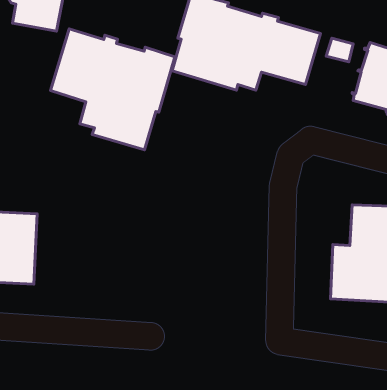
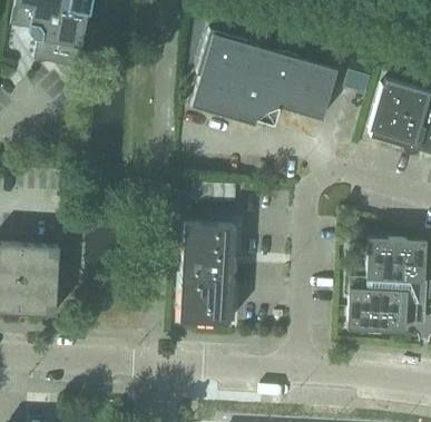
building: [51,29,175,150] -> none
building: none -> [179,222,235,324]

